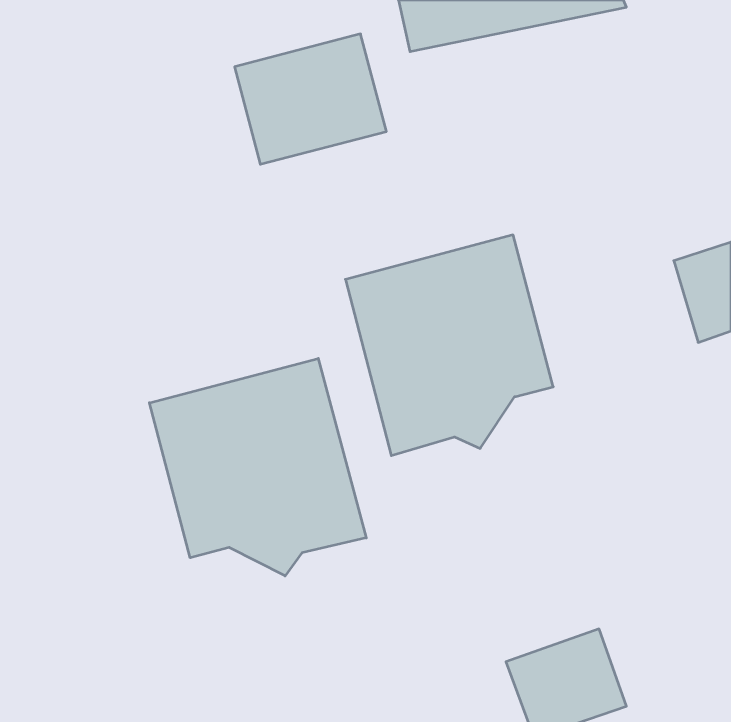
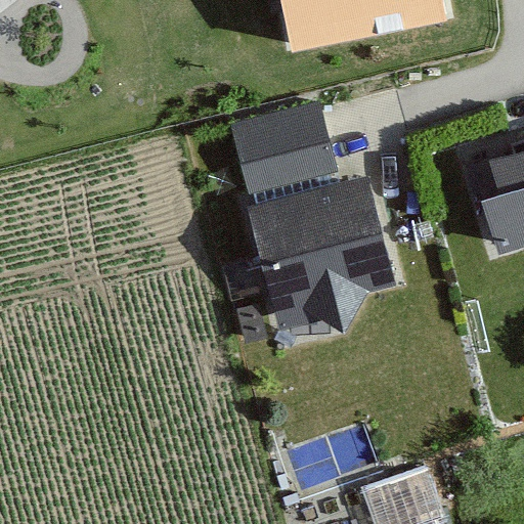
building: [235,34,386,164] -> [229,102,338,195]
building: [149,358,366,576] -> none

